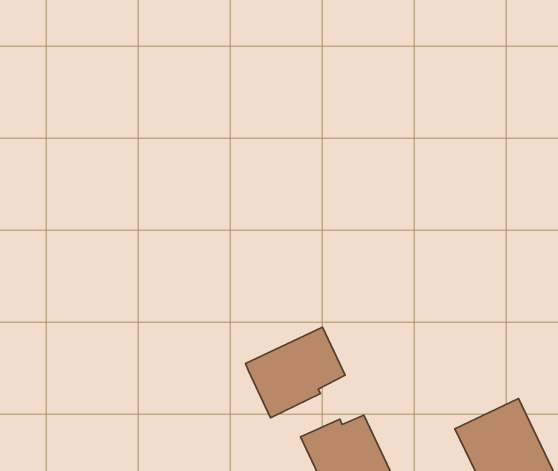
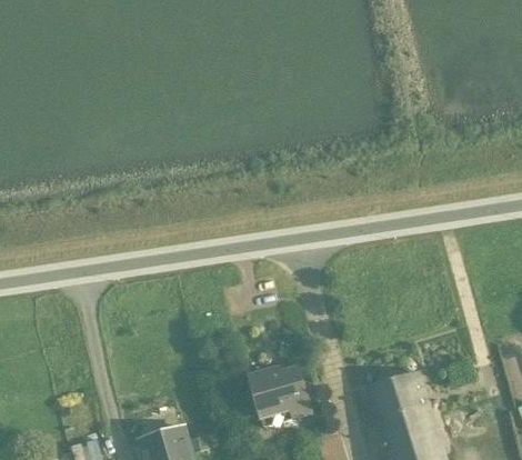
building: [246,327,345,418] -> none

